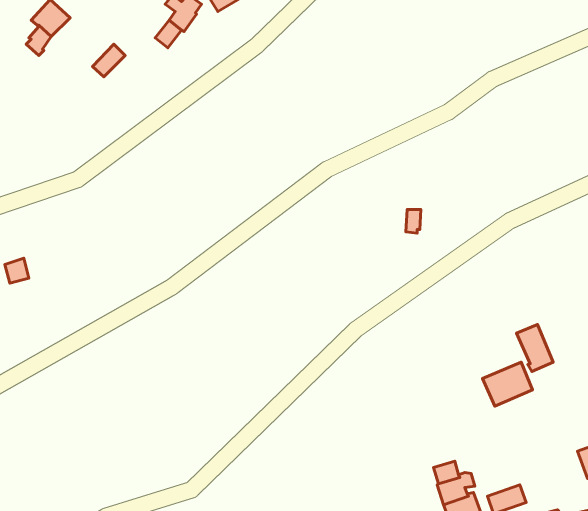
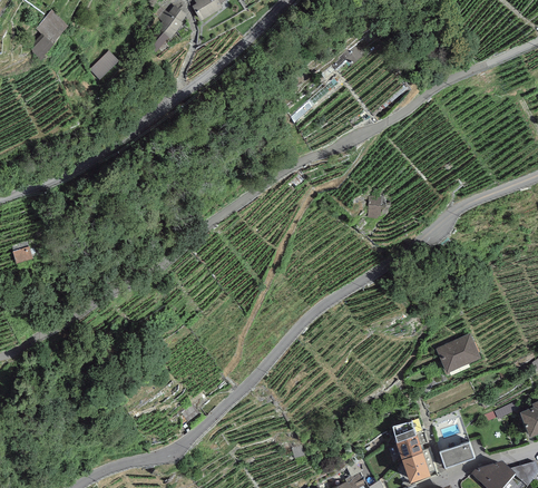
building: [517,324,553,372] -> none

